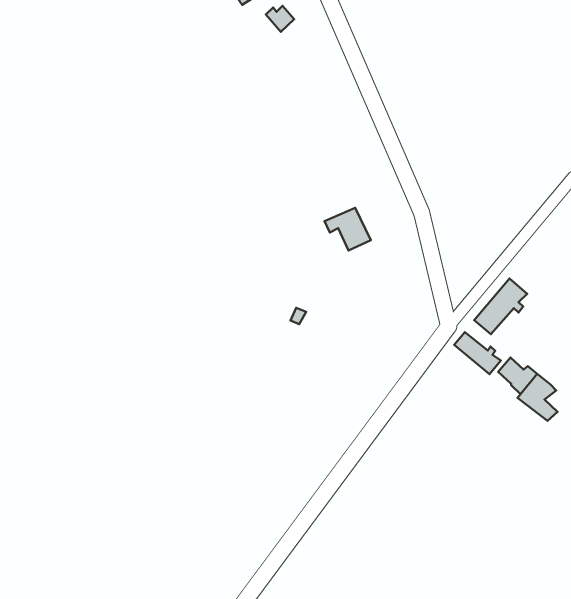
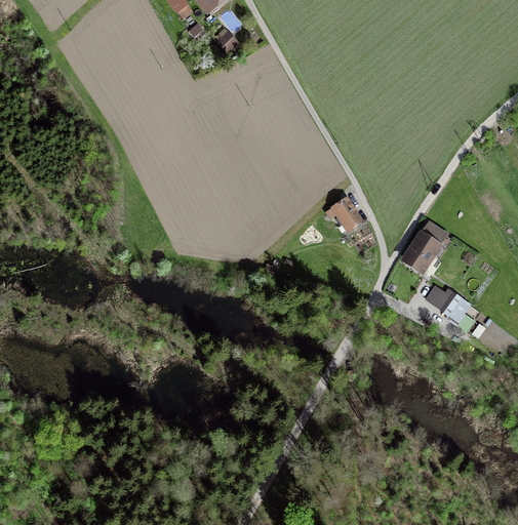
building: [325,208,371,250] -> [323,199,361,233]
building: [454,332,501,374] -> none

